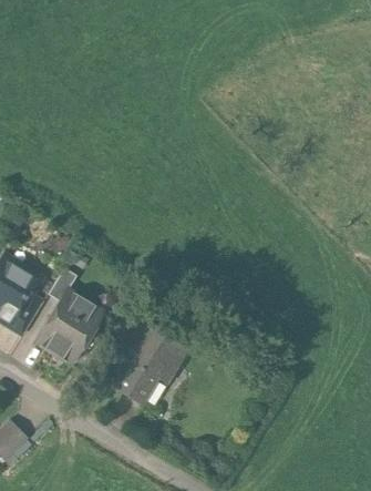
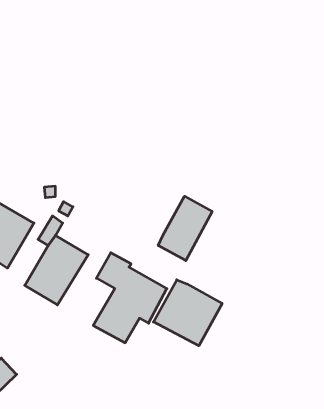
building: none -> [158,196,212,261]
building: none -> [153,280,222,346]

